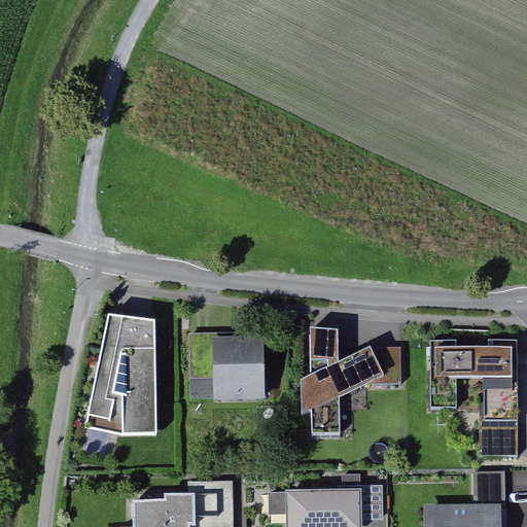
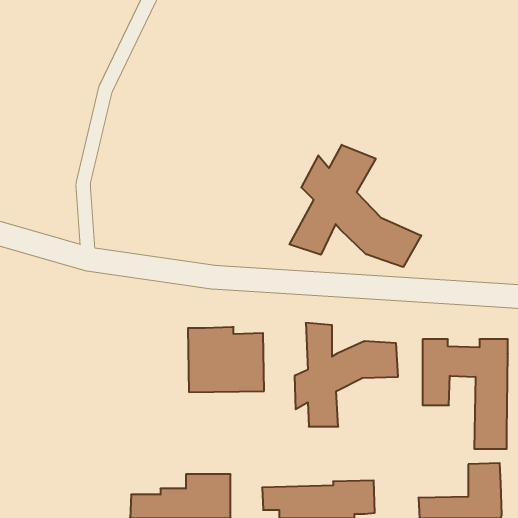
building: none -> [289,145,421,267]
building: [86,315,157,434] -> none

